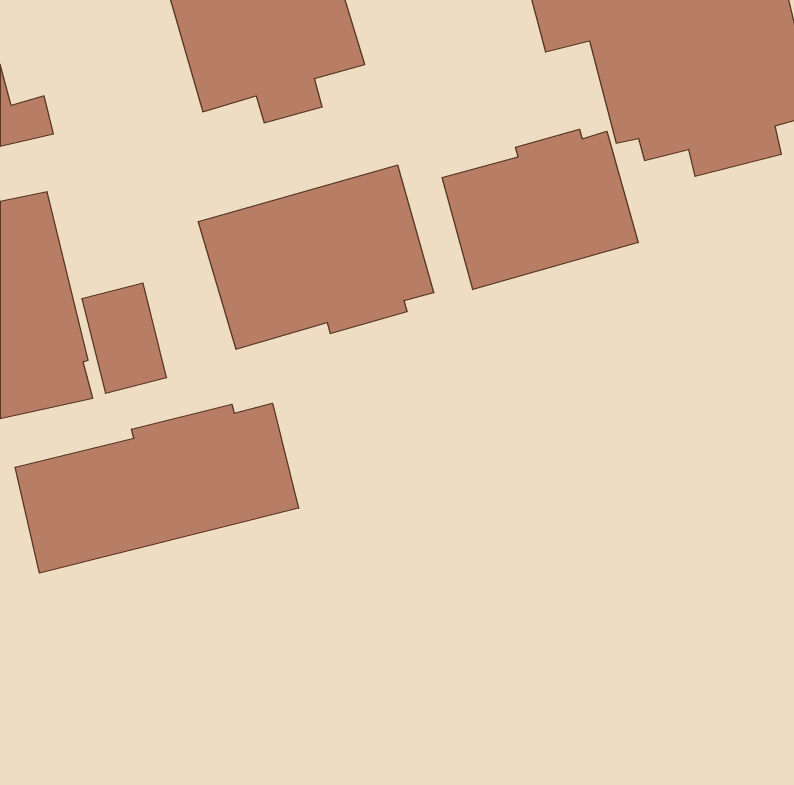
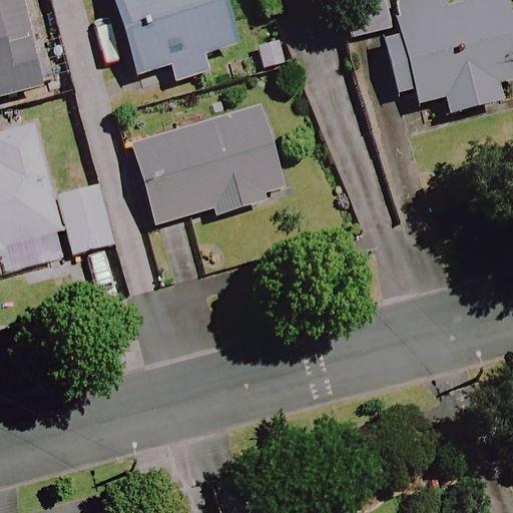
building: [442,129,638,290] -> none
building: [15,403,299,573] -> none

